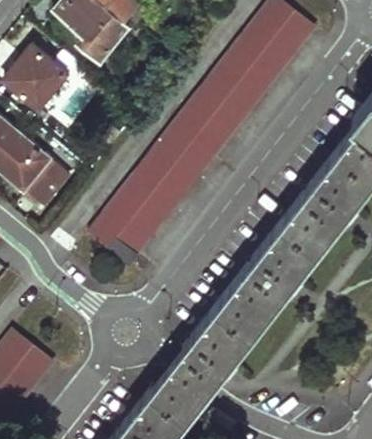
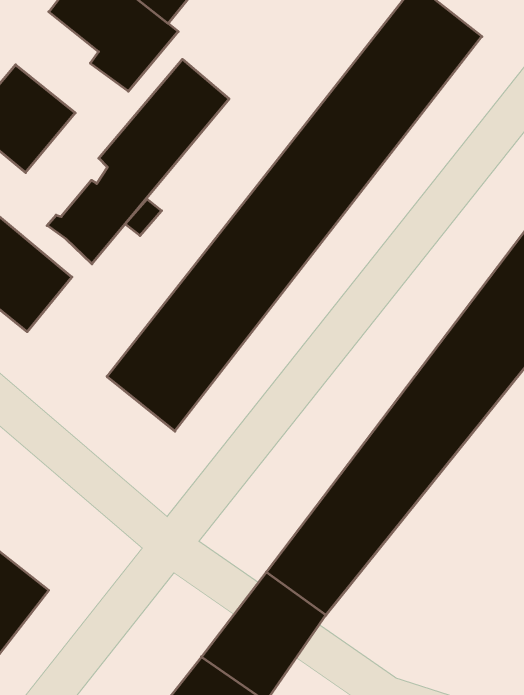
building: none -> [47,59,229,264]

